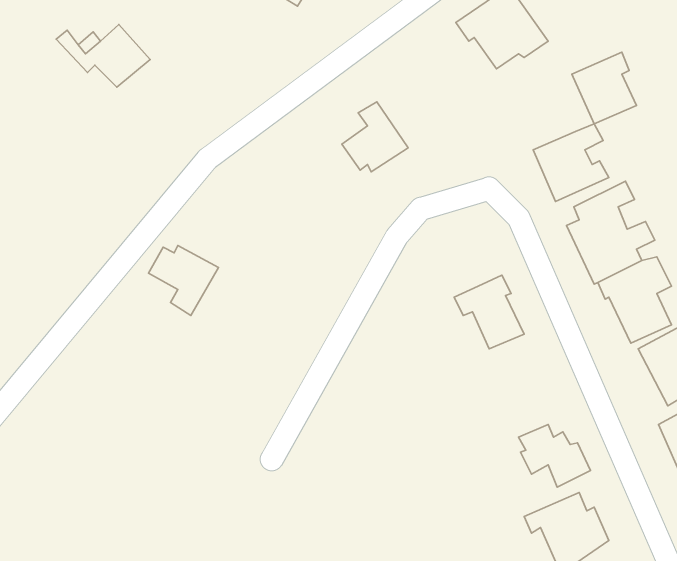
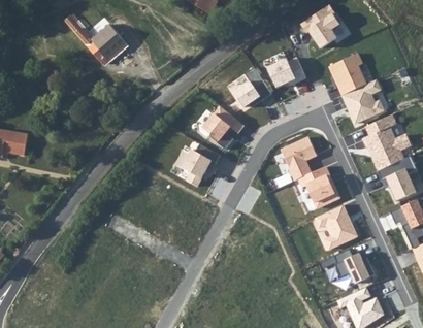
building: [572,52,636,124] -> [329,55,365,95]
building: none -> [268,59,304,87]
building: none -> [202,104,247,141]
building: none -> [282,138,317,179]
building: [148,245,218,315] -> [173,149,213,188]
building: none -> [316,205,357,249]

